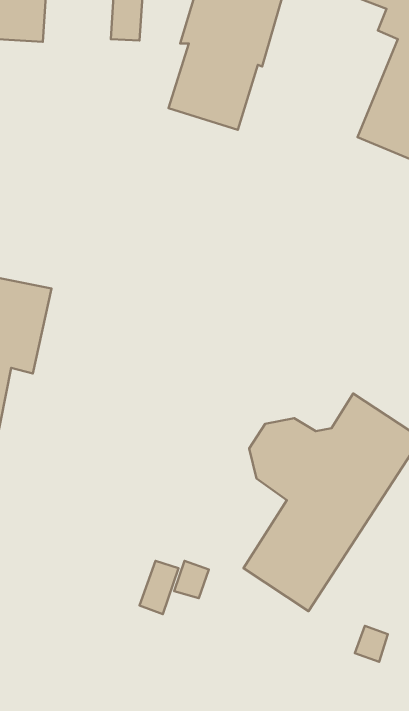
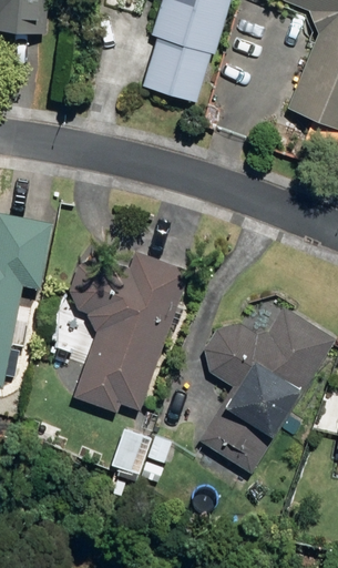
building: none -> [70,251,188,413]

